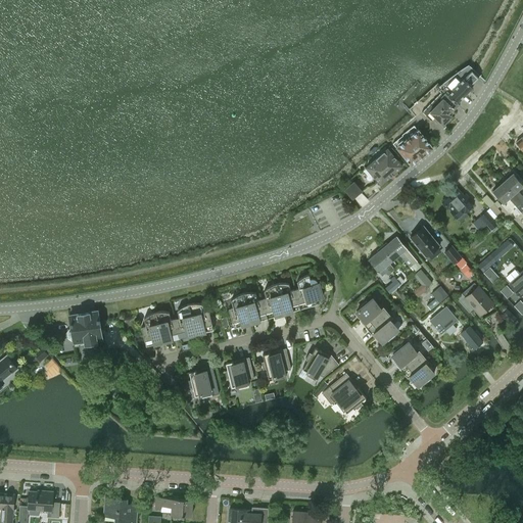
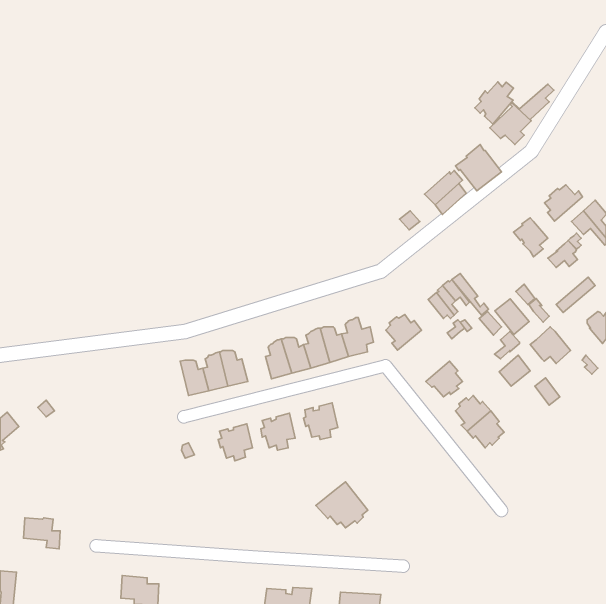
building: none -> [475,82,513,124]
building: none -> [545,185,583,221]
building: [410,227,439,257] -> [495,299,529,334]
building: [356,299,387,330] -> [386,315,421,350]
building: [67,312,101,343] -> none
building: [141,313,162,346] -> none
building: [302,348,338,381] -> none
building: [321,373,366,413] -> [316,482,368,528]
building: [28,491,59,518] -> [24,518,60,549]
building: [155,497,192,517] -> none

